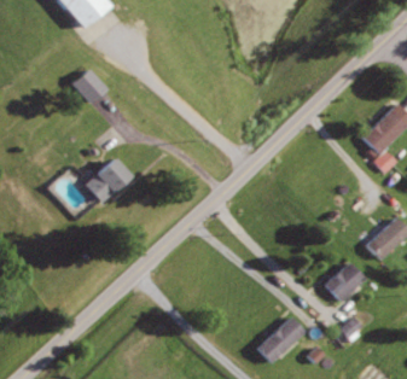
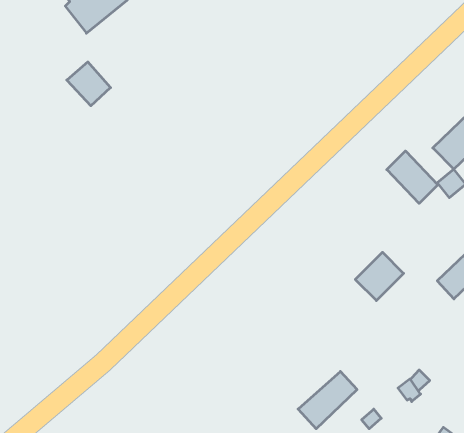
building: none -> [387,151,438,203]
building: [85,158,130,202] -> none
building: [325,261,364,299] -> [355,252,404,301]

